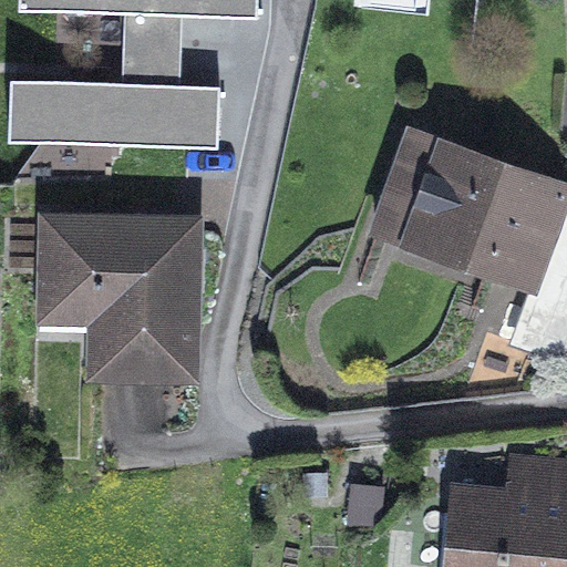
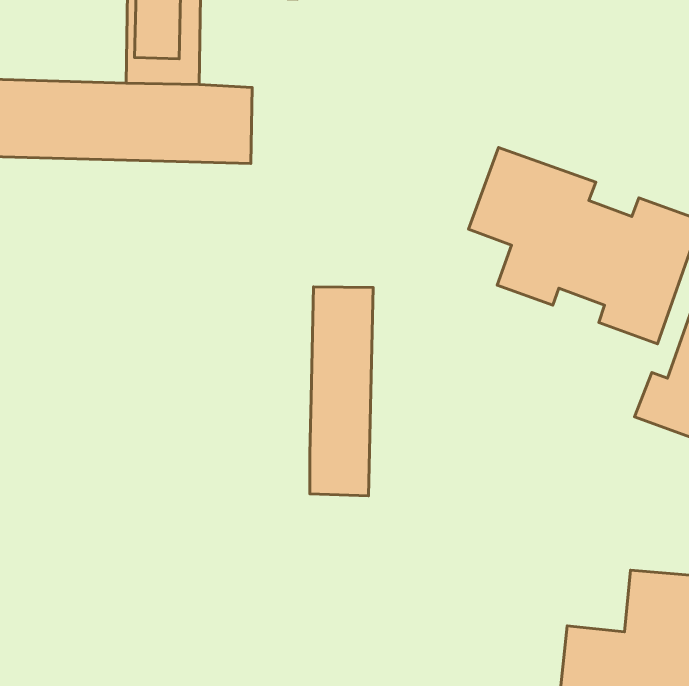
building: [47,220,193,373] -> none
building: none -> [310,287,373,496]

